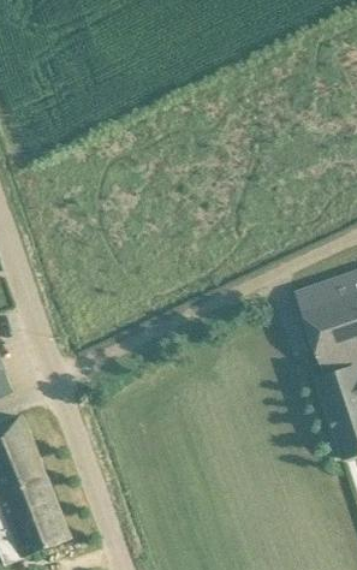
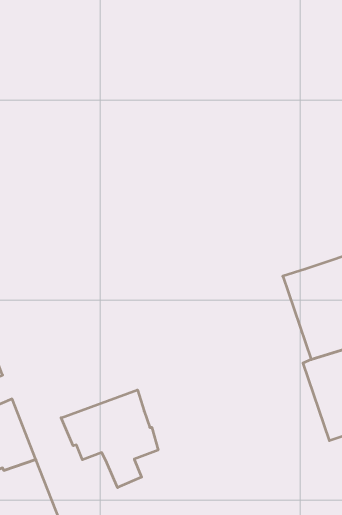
building: none -> [61,390,158,488]

